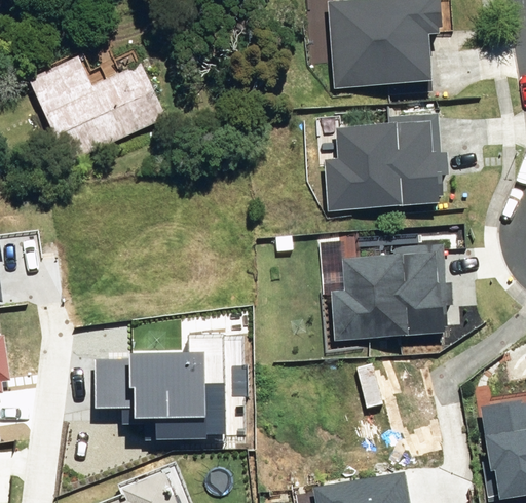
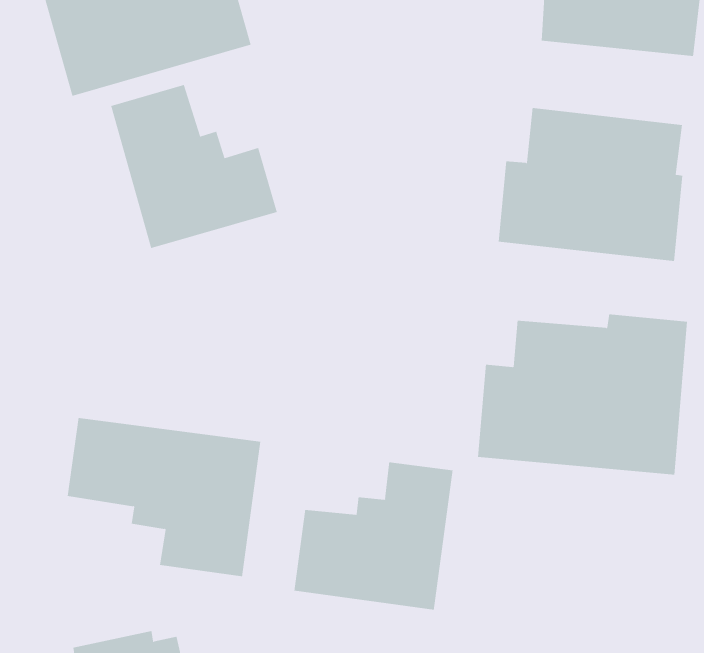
building: none -> [110,84,278,249]
building: none -> [294,462,453,611]

